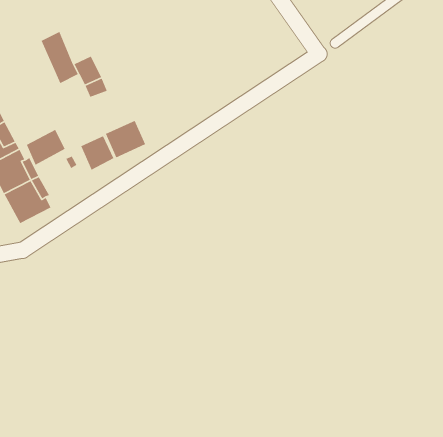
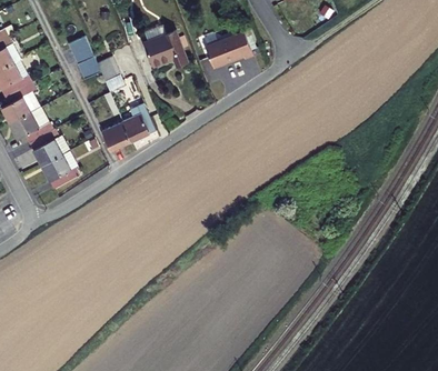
building: none -> [141,31,183,66]
building: none -> [208,32,255,68]
building: [26,129,66,166] -> none

